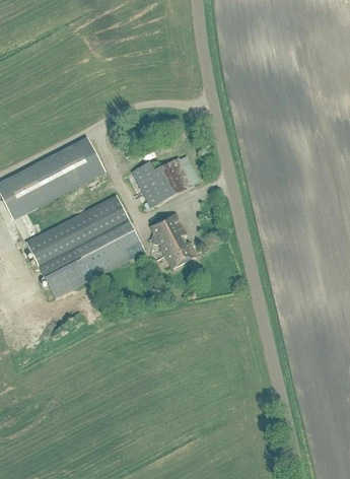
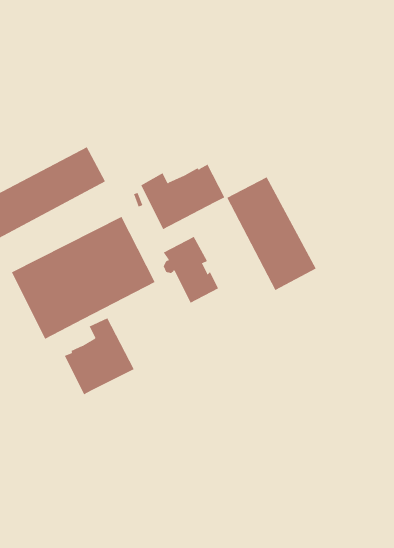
building: none -> [226,176,316,291]
building: none -> [64,318,135,395]

